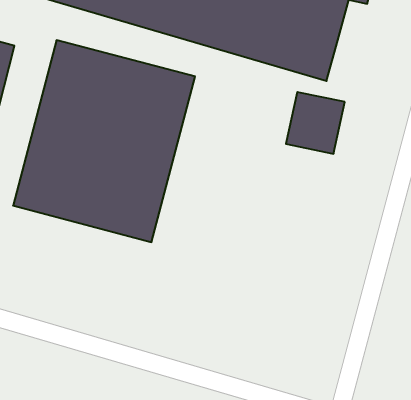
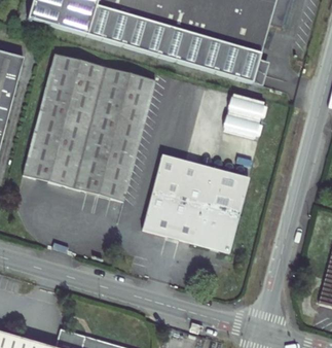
building: none -> [143,153,250,251]

